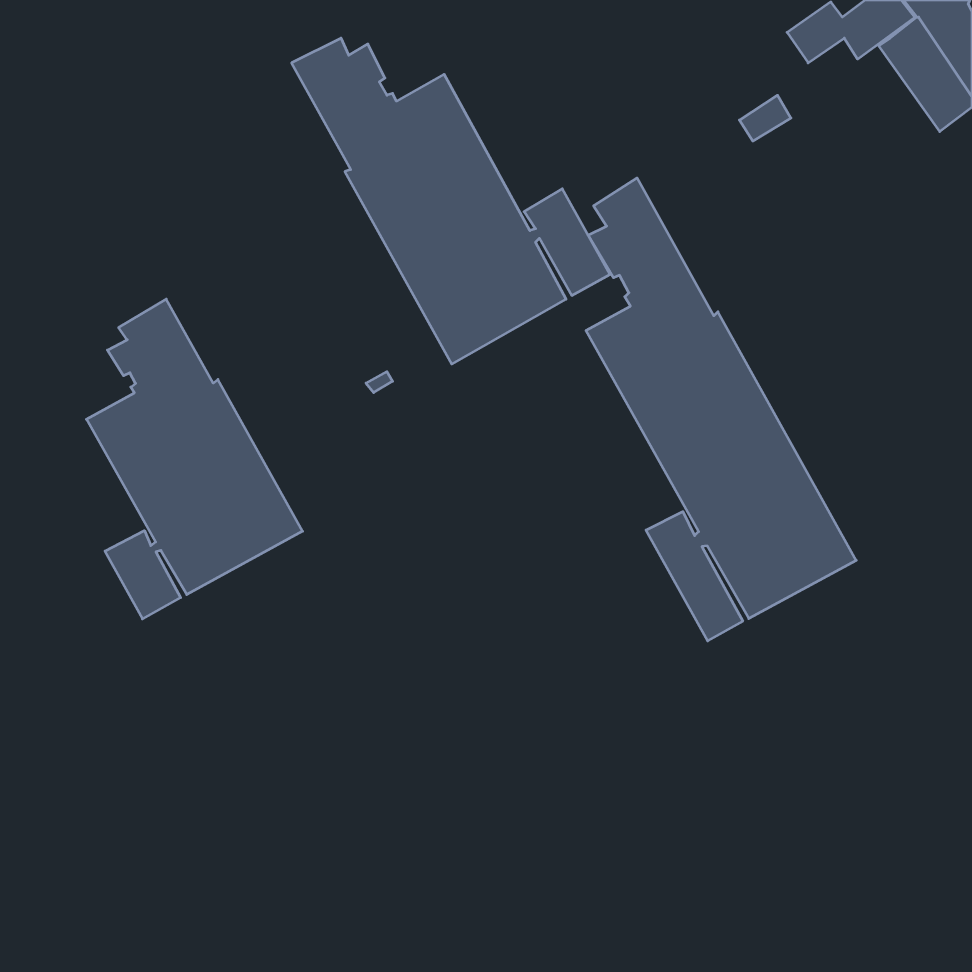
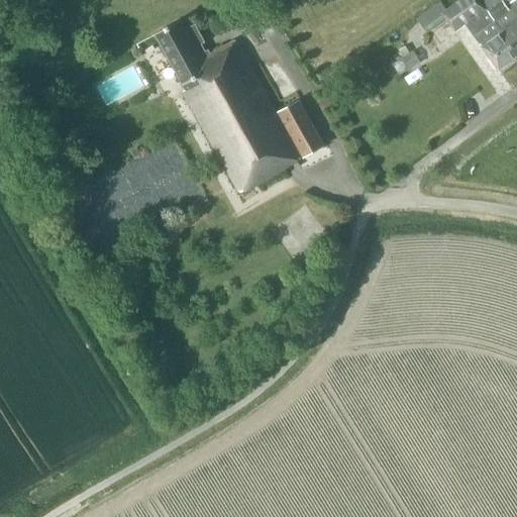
building: [586,178,856,641] -> none
building: [86,299,303,619] -> none

